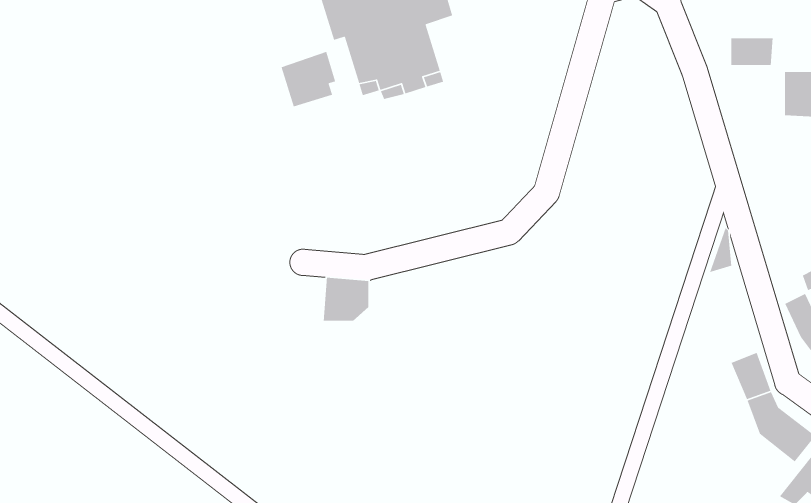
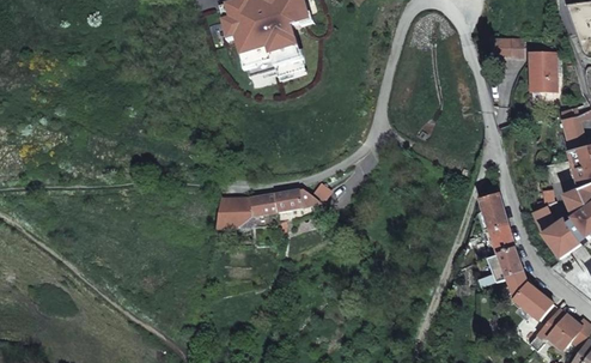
building: [281,51,336,108] -> none
building: none -> [254,186,324,216]
building: none -> [479,193,513,253]

